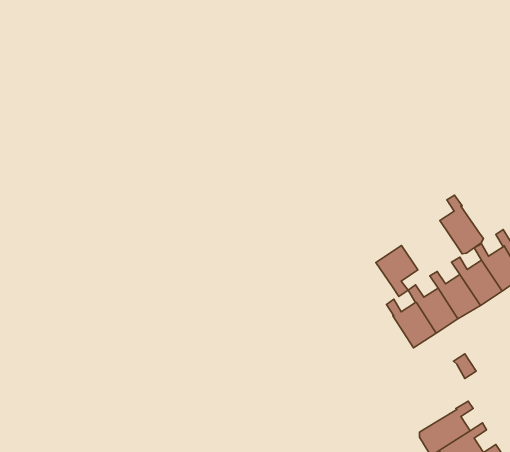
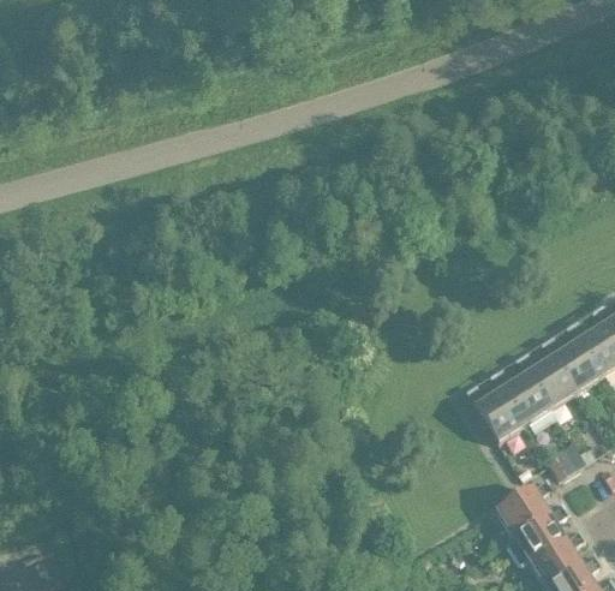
building: [440,195,483,254] -> none
building: [376,245,418,297] -> none
building: none -> [495,478,551,536]

